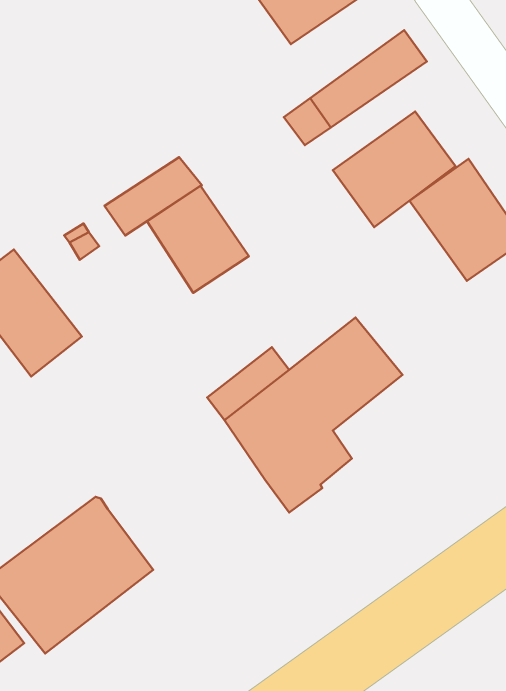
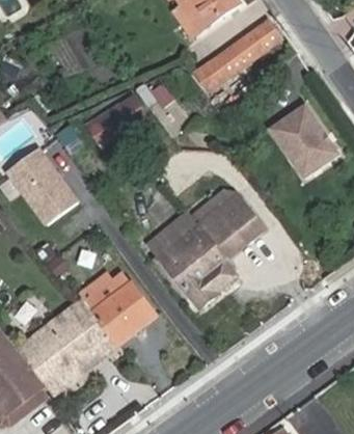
building: [333,111,456,227] -> none
building: [147,186,249,293] -> none
building: none -> [86,273,157,346]

